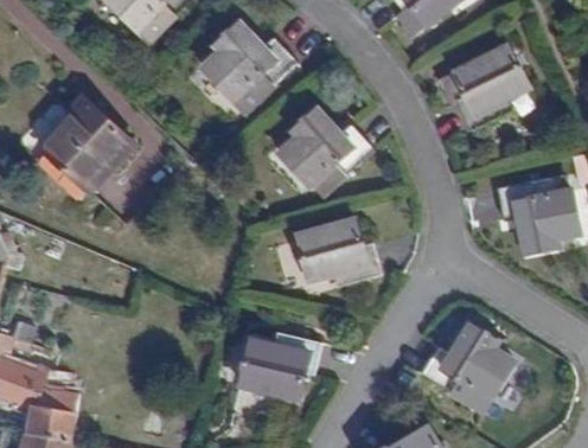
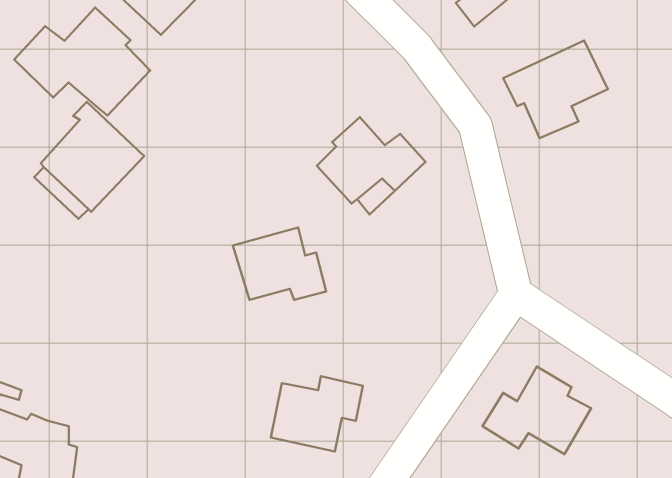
building: none -> [14,7,150,115]
building: [202,23,295,110] -> none
building: [497,174,577,251] -> none
building: [298,219,377,281] -> [233,227,326,300]

